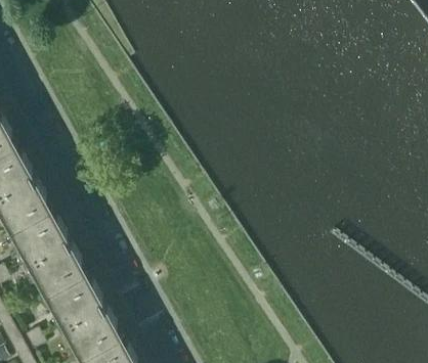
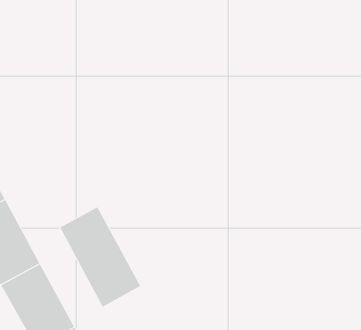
building: none -> [59,207,141,308]

